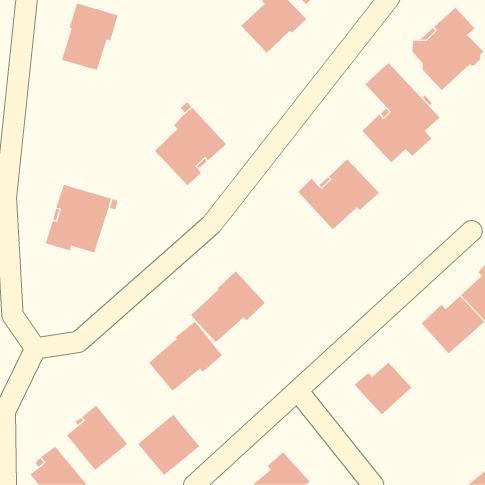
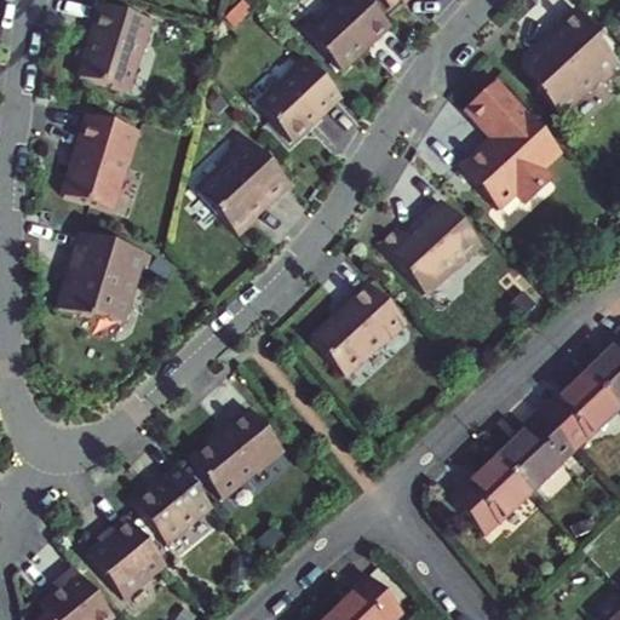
building: none -> [262,56,345,140]
building: none -> [65,113,142,208]
building: [190,270,266,343] -> [314,282,409,374]
building: none -> [496,411,573,492]
building: [137,414,200,476] -> [132,461,212,540]

